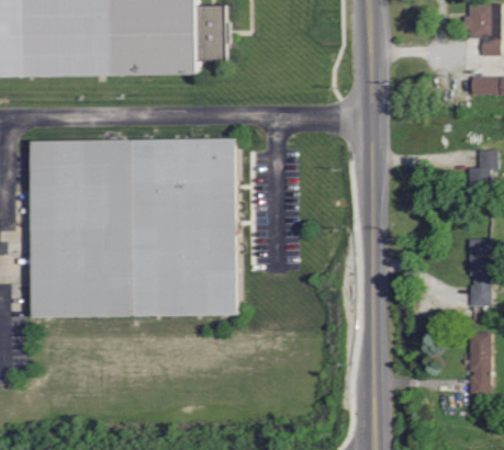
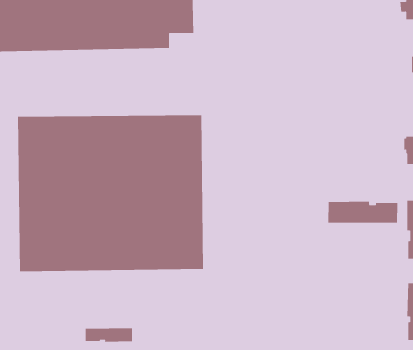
building: none -> [328,201,398,224]
building: none -> [85,327,133,343]

